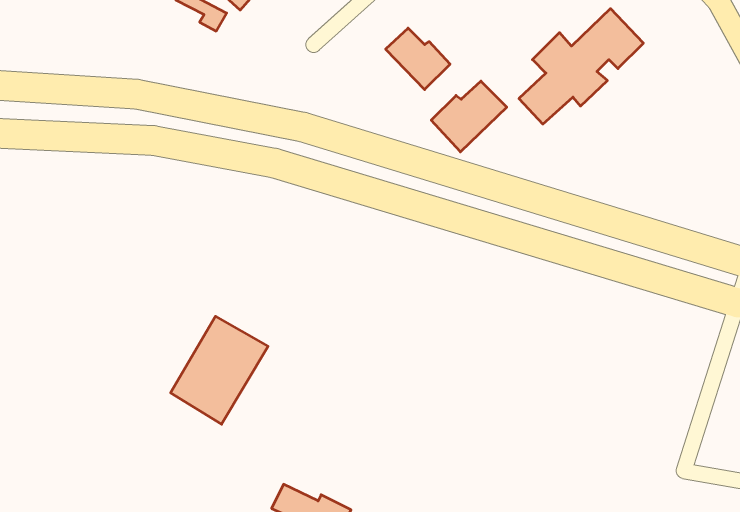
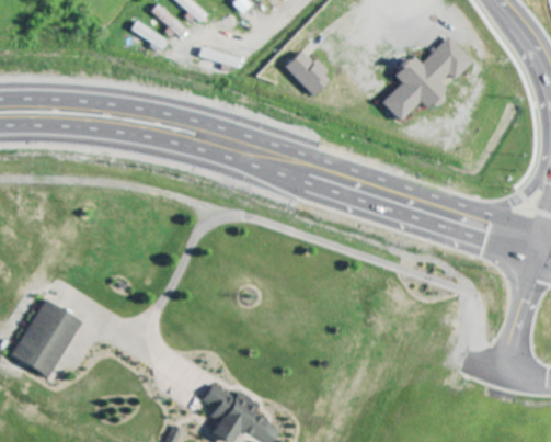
building: [431,81,507,152] -> none
building: [171,316,268,424] -> [10,299,81,378]

